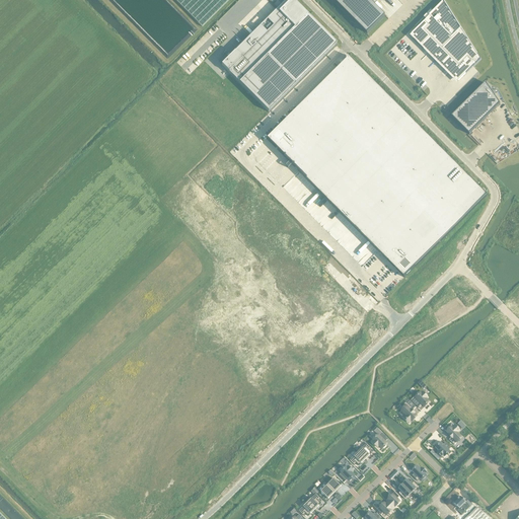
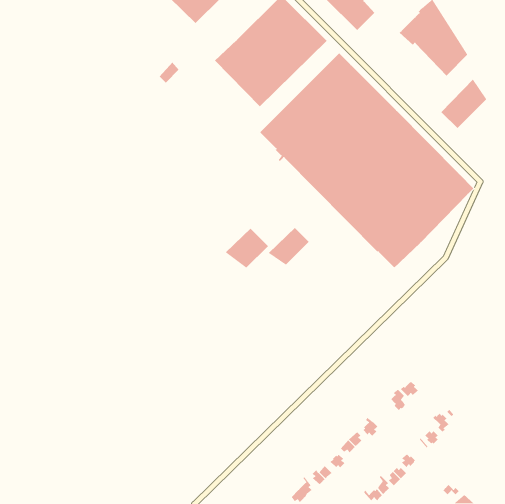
building: none -> [268,227,310,265]
building: none -> [225,228,269,269]

